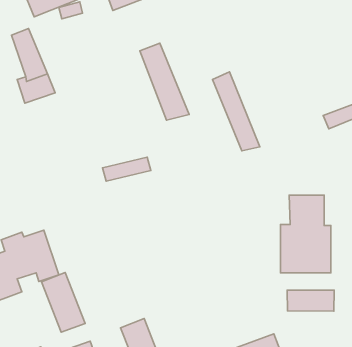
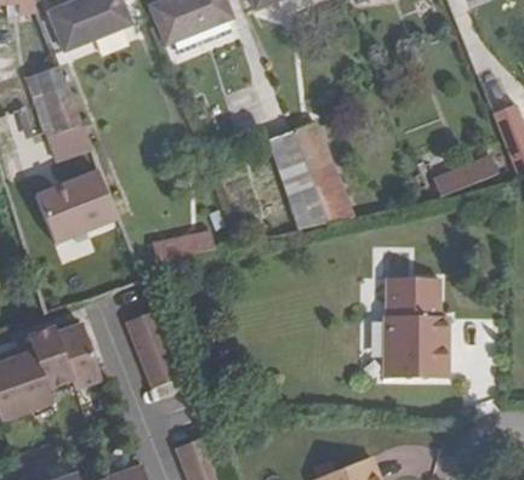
building: [140,43,189,120] -> [268,131,331,229]
building: none -> [39,168,121,242]
building: [41,272,85,332] -> [127,310,183,387]
building: [287,290,334,311] -> none

